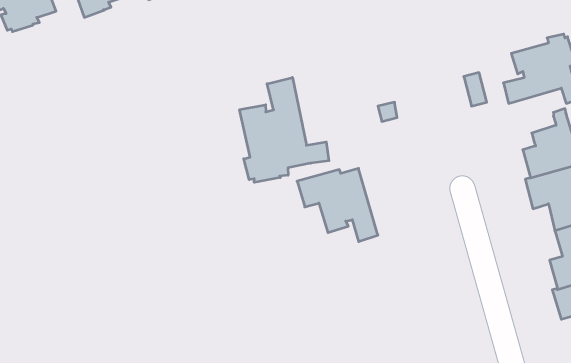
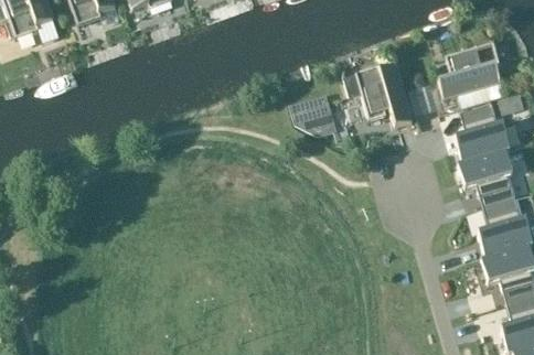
building: [240,77,329,182] -> none
building: none -> [291,96,333,133]
building: [297,168,378,242] -> [342,64,412,127]

